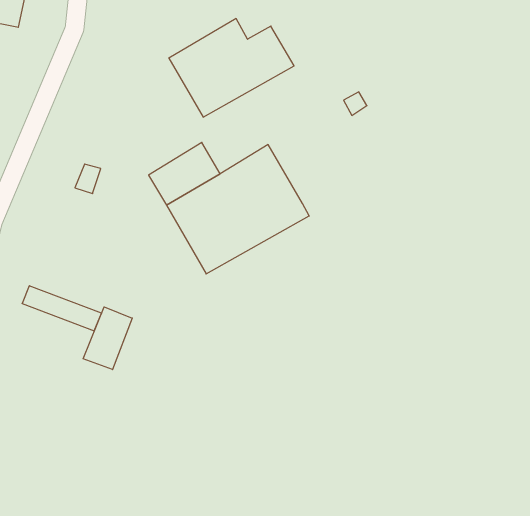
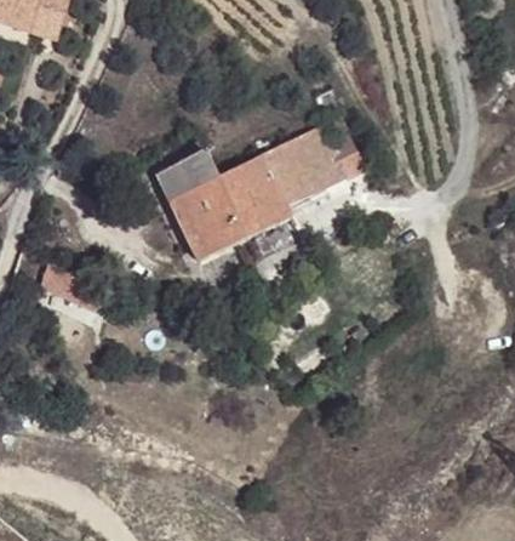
building: [169,19,294,117] -> [259,126,365,207]
building: [83,307,132,370] -> none

